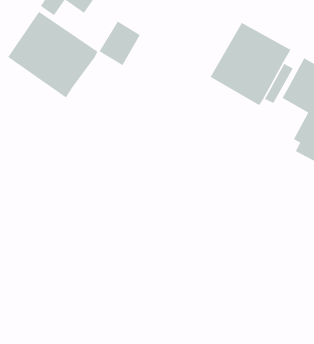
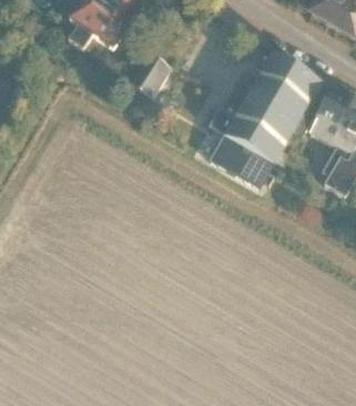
building: [7,11,99,98] -> none
building: none -> [210,106,288,187]

